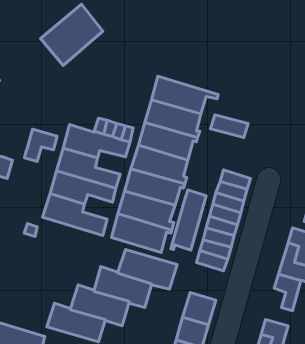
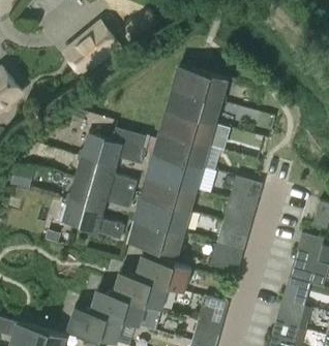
building: none -> [173,65,232,105]
building: [24,129,57,161] -> none
building: [171,190,206,250] -> none
building: none -> [276,291,302,327]

